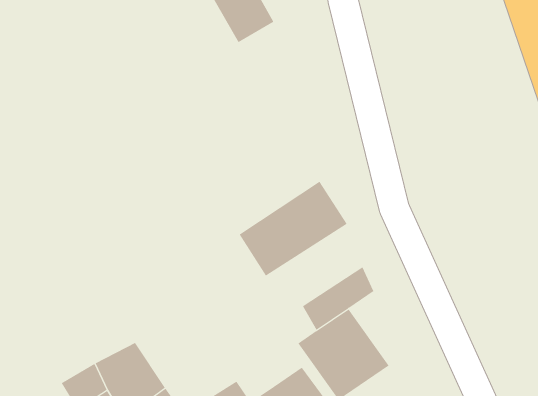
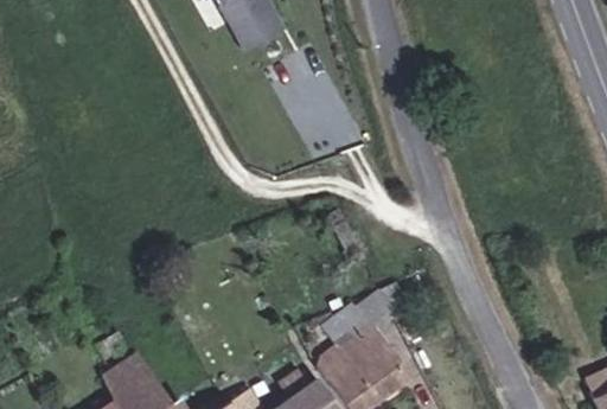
building: [239,181,348,277] -> none

